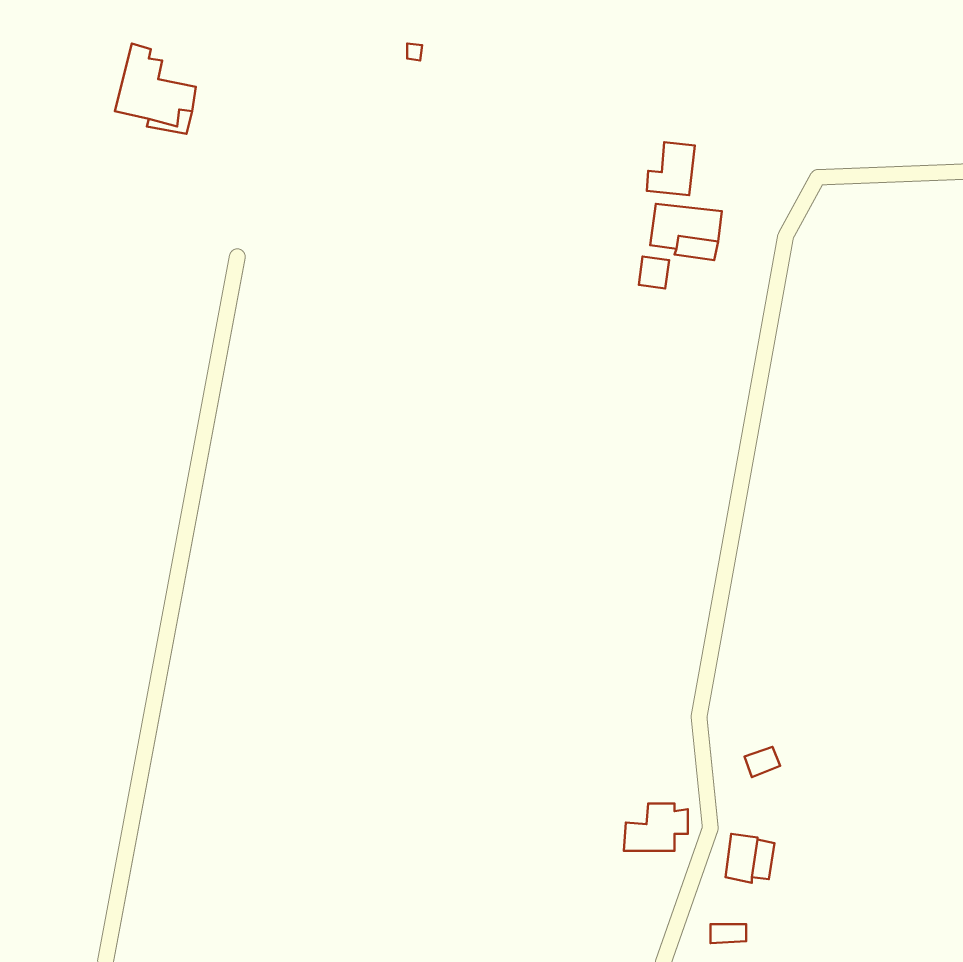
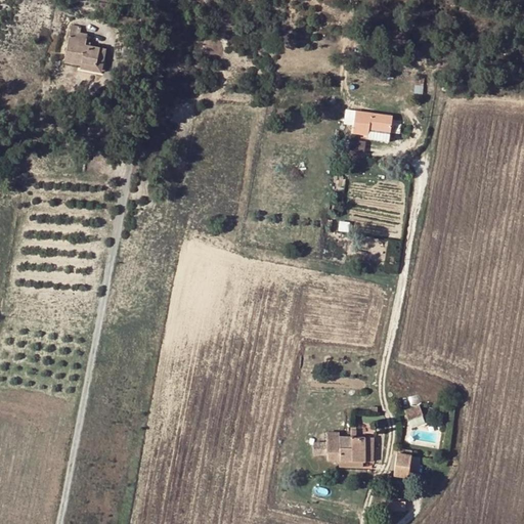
building: [647,142,695,195] -> none
building: none -> [326,431,352,462]

